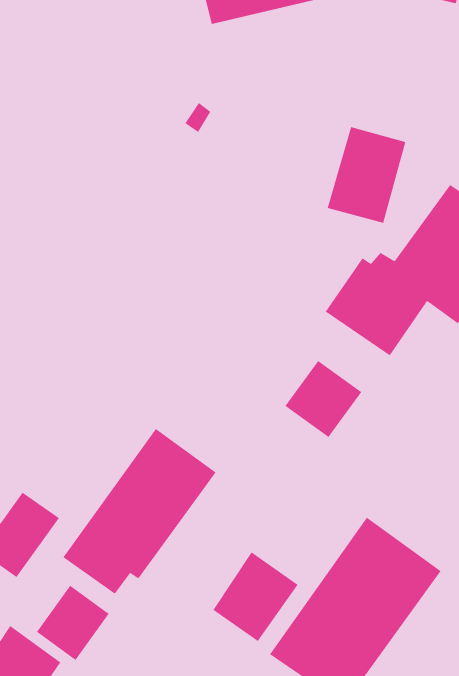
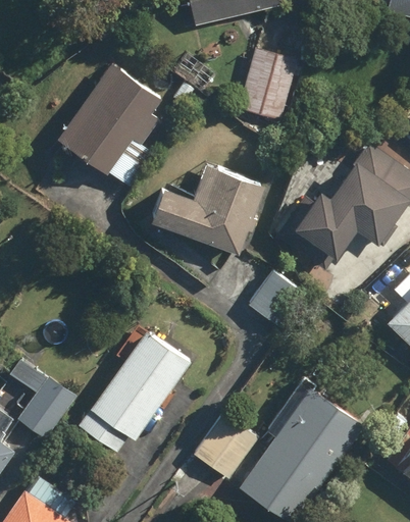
building: none -> [55,67,157,176]
building: [327,126,406,224] -> [238,50,296,121]
building: none -> [147,165,261,256]
building: [36,585,109,661] -> none

